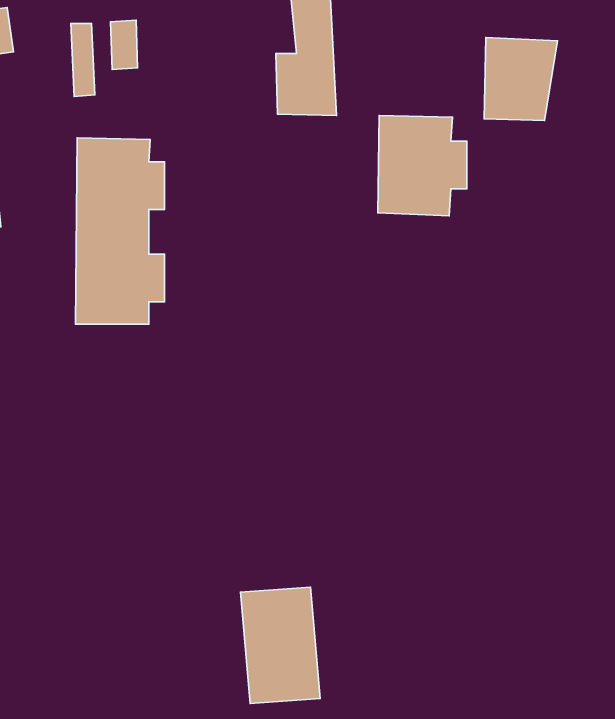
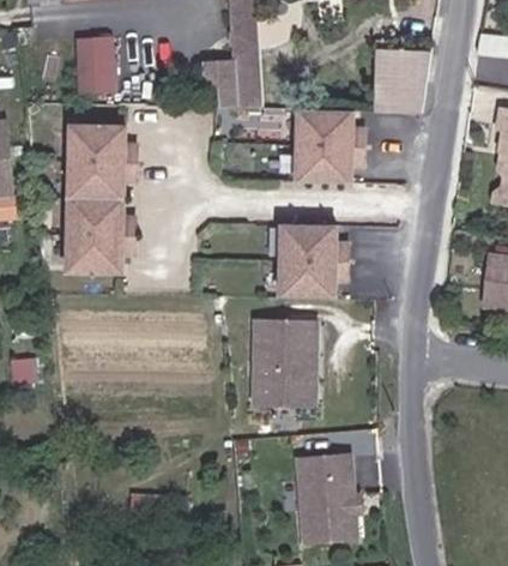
building: none -> [278,224,346,293]
building: none -> [261,314,316,402]
building: [241,587,320,703] -> [295,451,355,538]

